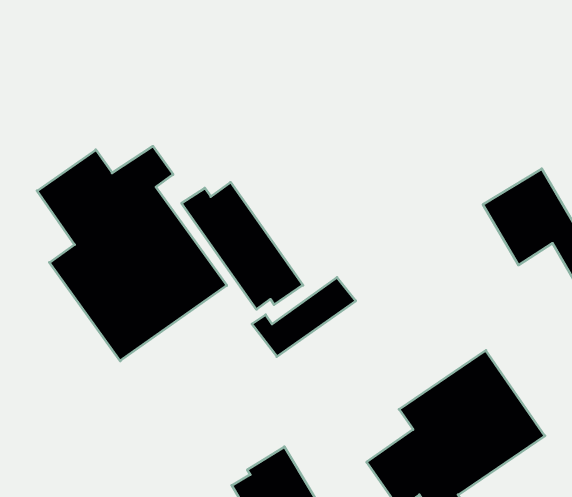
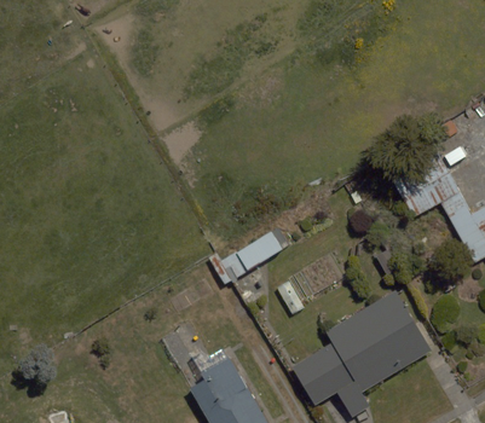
building: [37,146,227,361] -> none
building: [182,182,303,309] -> none

